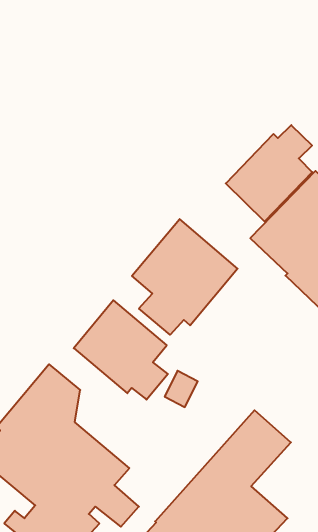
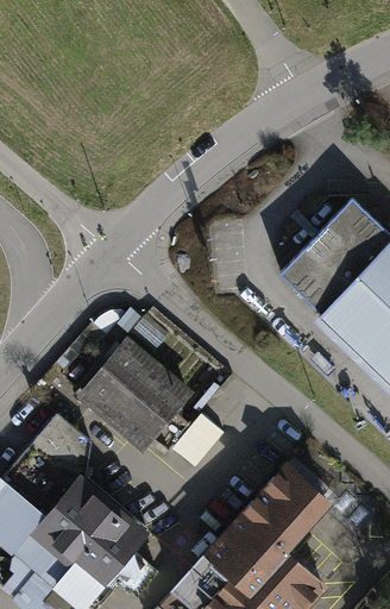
building: [226,125,312,222] -> none
building: [132,219,238,335] -> none

